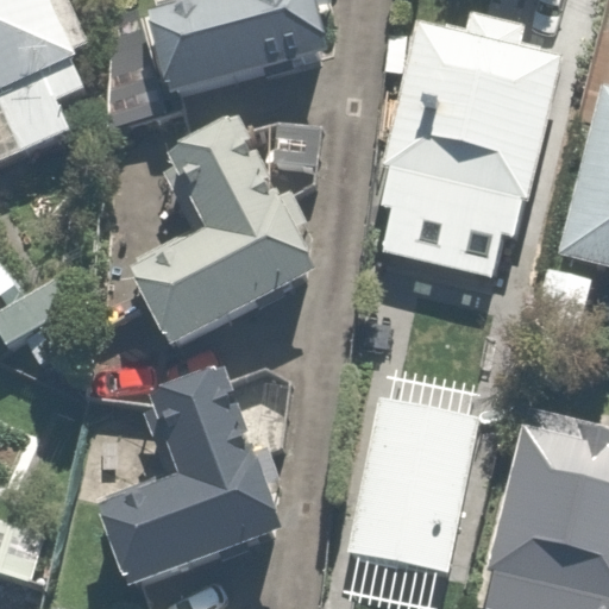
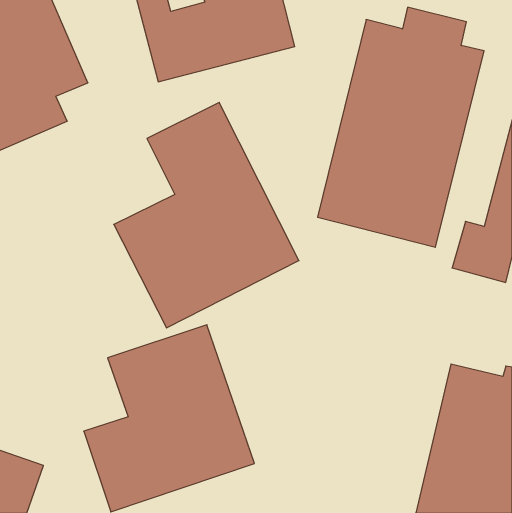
building: [337,393,479,573] -> none

